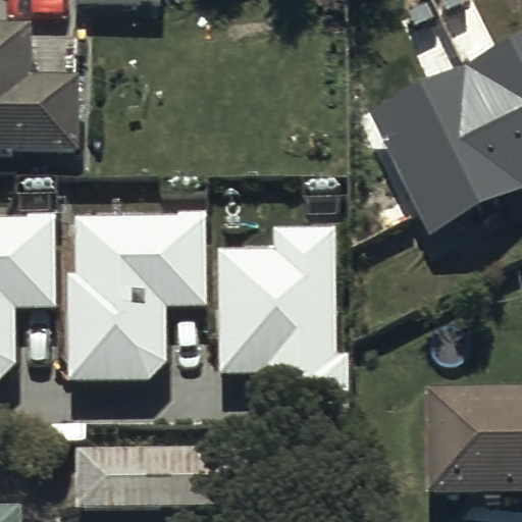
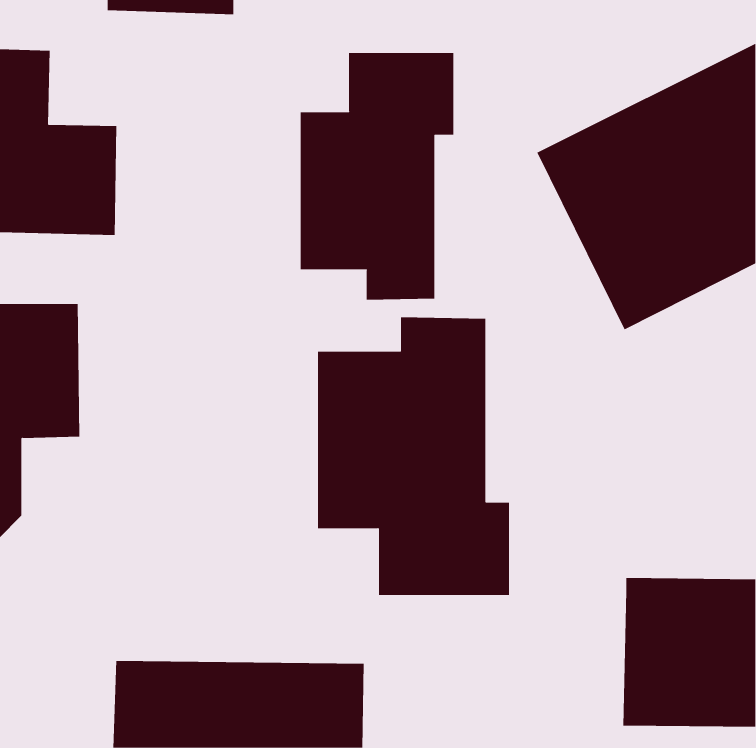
building: none -> [300,52,454,301]
building: [67,207,206,371] -> none

